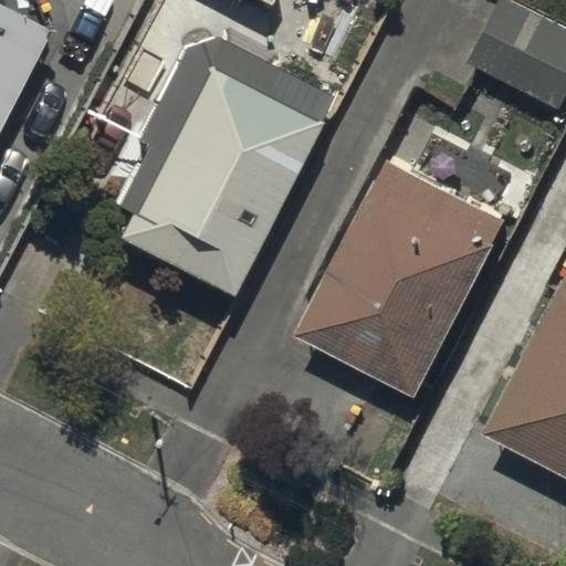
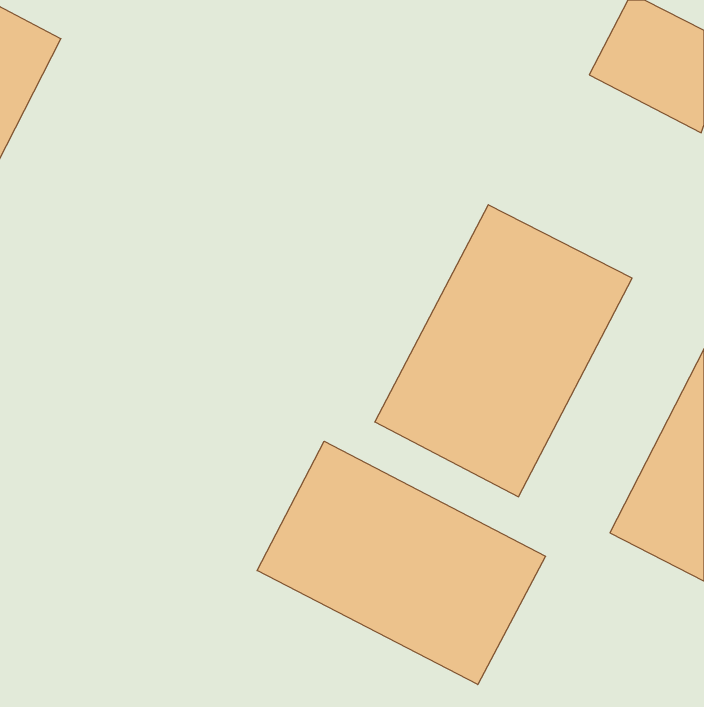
building: [116,71,316,296] -> none
building: none -> [257,441,546,685]

